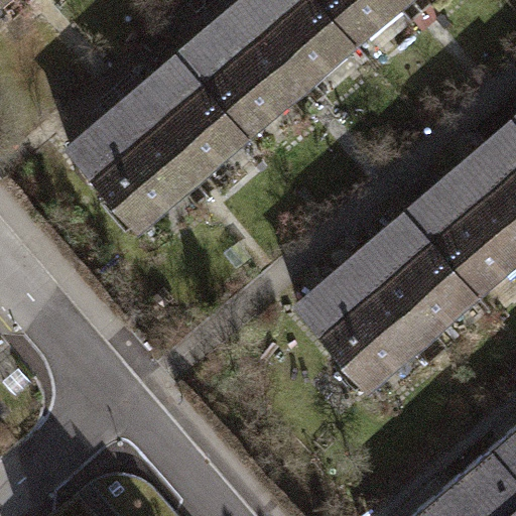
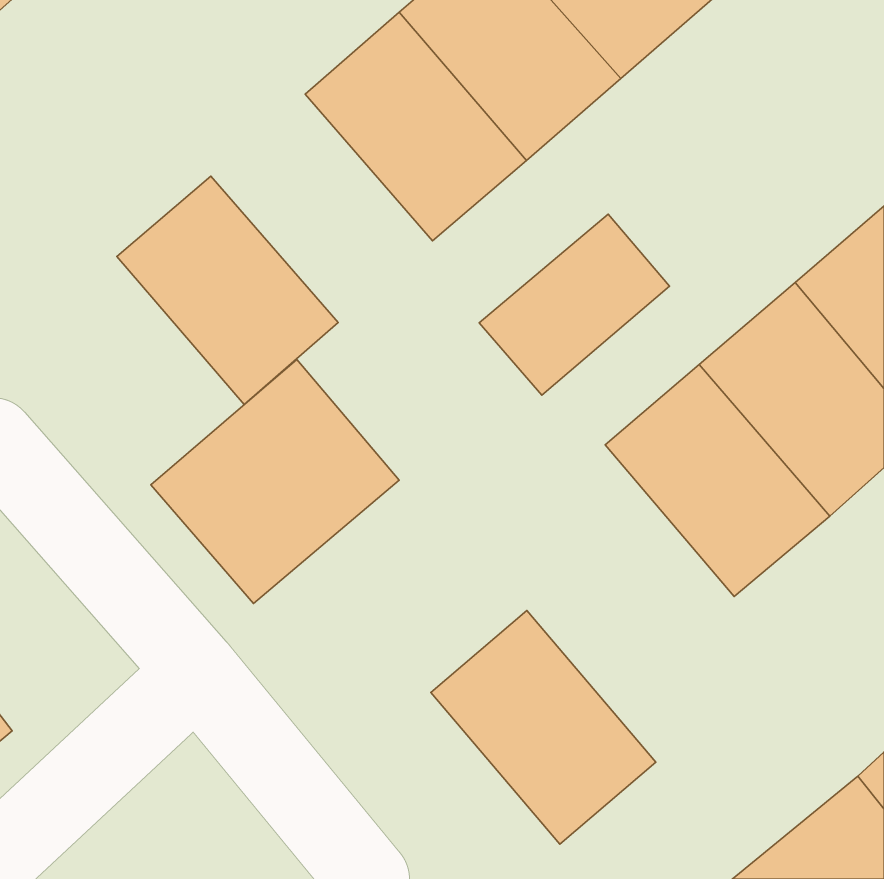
building: [122,54,250,186] -> none
building: none -> [479,214,669,395]
building: none -> [151,359,399,604]
building: [294,257,424,392] -> [431,610,656,844]

